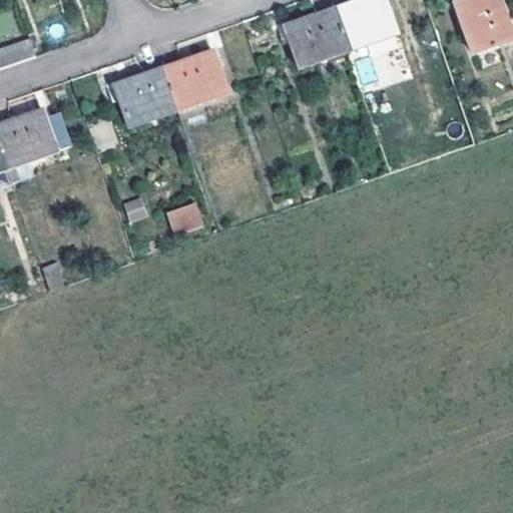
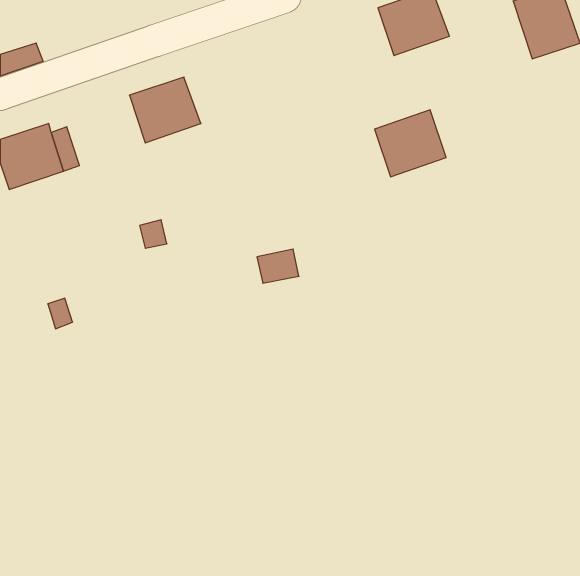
building: [285,7,348,66] -> [375,110,446,177]
building: [162,50,226,109] -> none
building: [166,199,203,229] -> [257,249,299,283]

